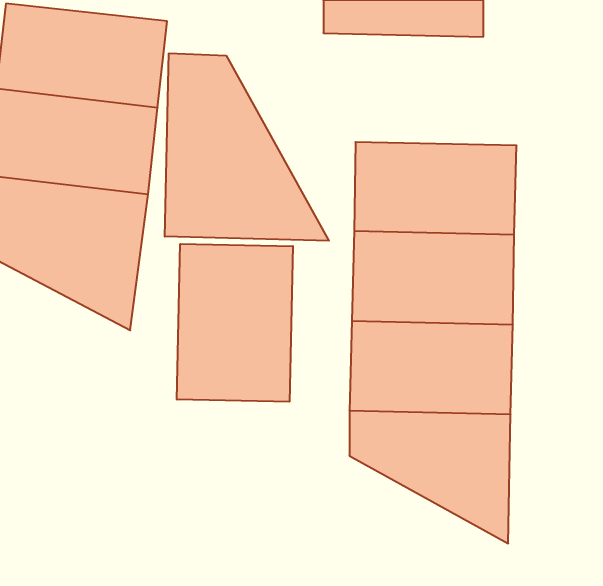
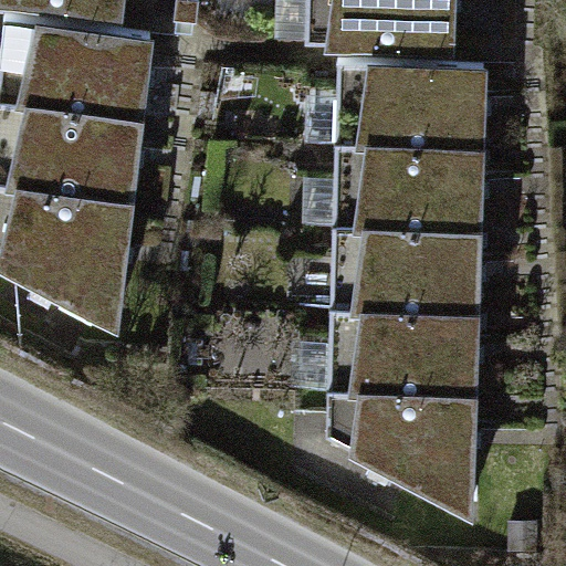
building: [165,53,329,241] -> none
building: none -> [332,67,484,154]
building: [177,244,293,402] -> none

